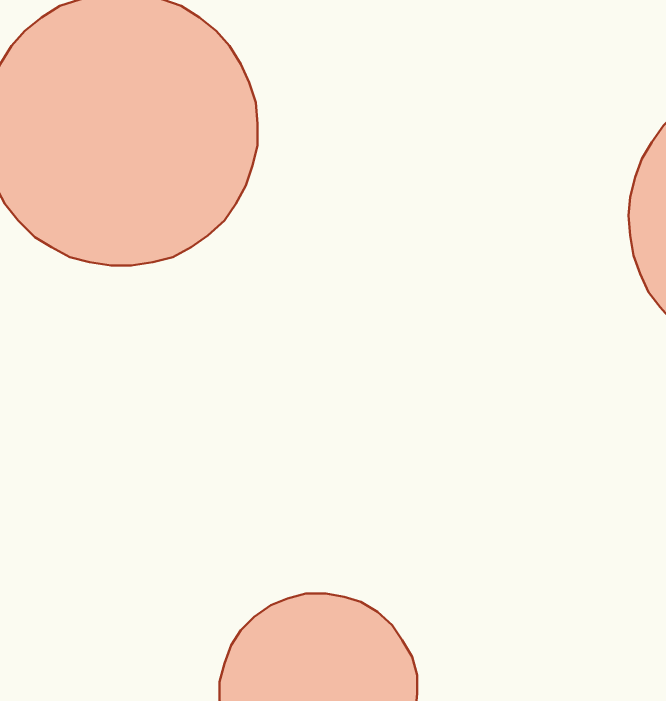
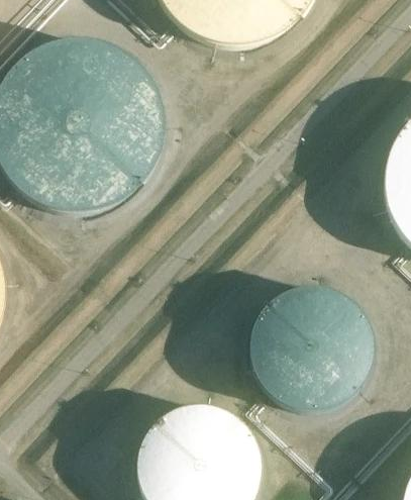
building: none -> [250,287,369,404]

